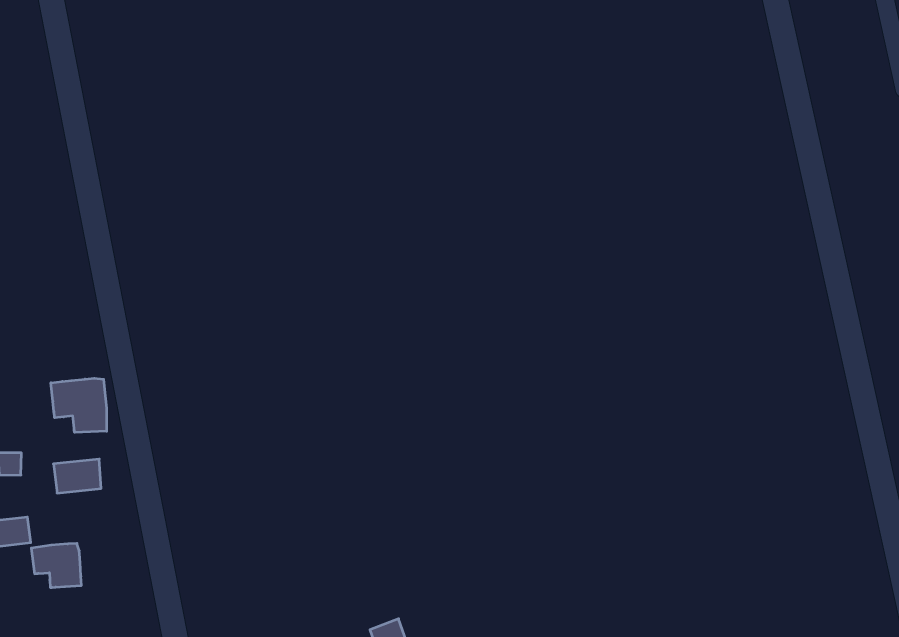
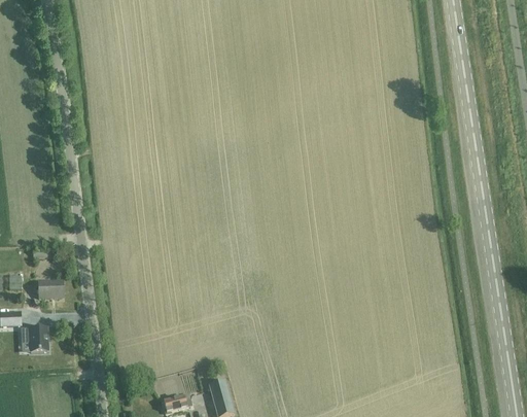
building: [51,378,107,432] -> none

